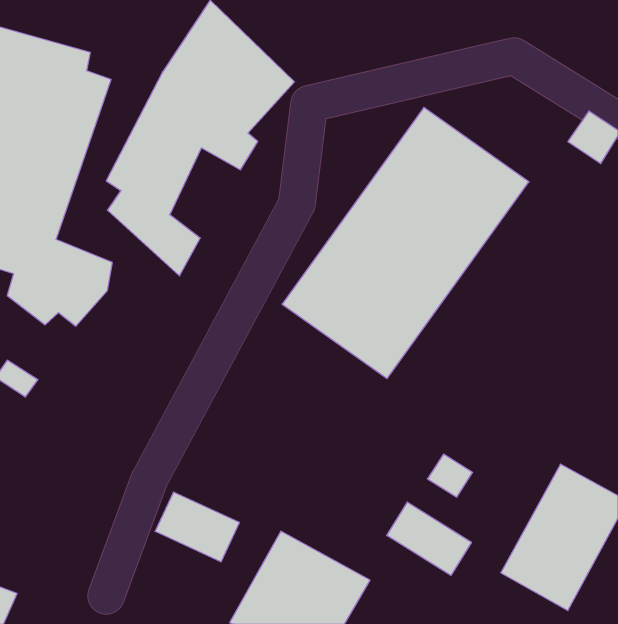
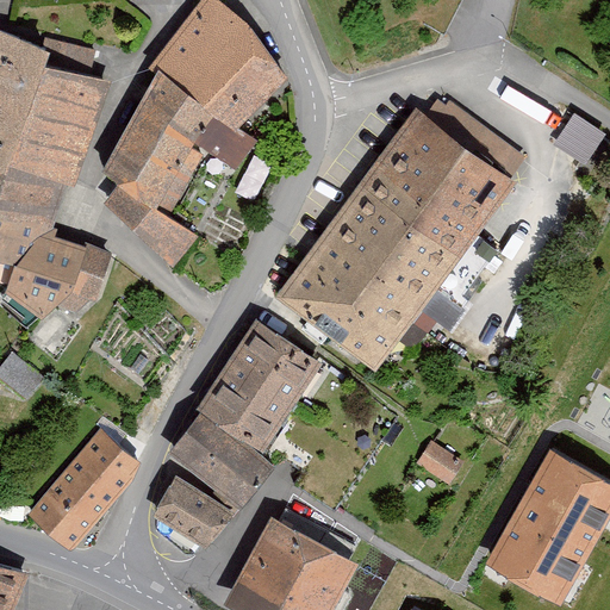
building: none -> [168,322,319,509]
building: none -> [33,432,142,548]
building: [387,502,471,575] -> none

